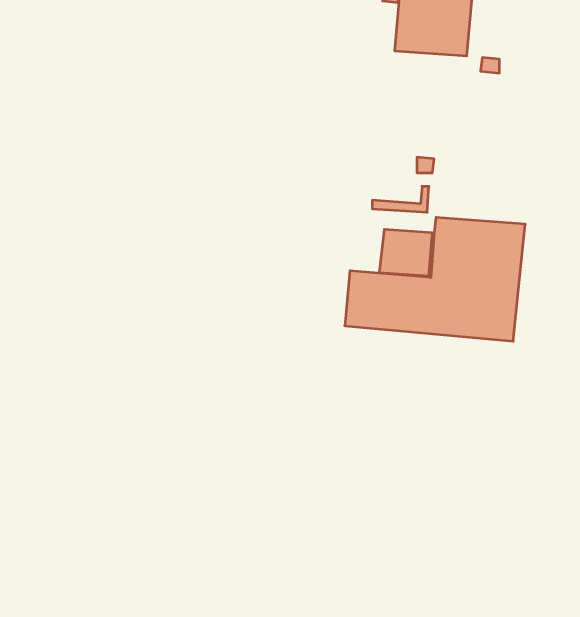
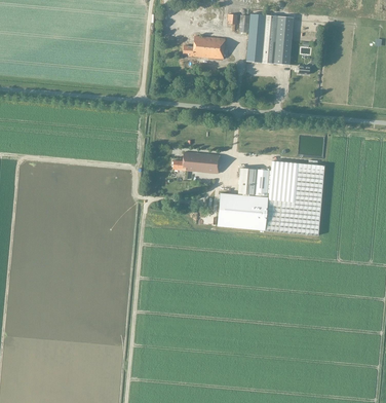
building: none -> [183,36,225,59]
building: none -> [172,151,220,173]

